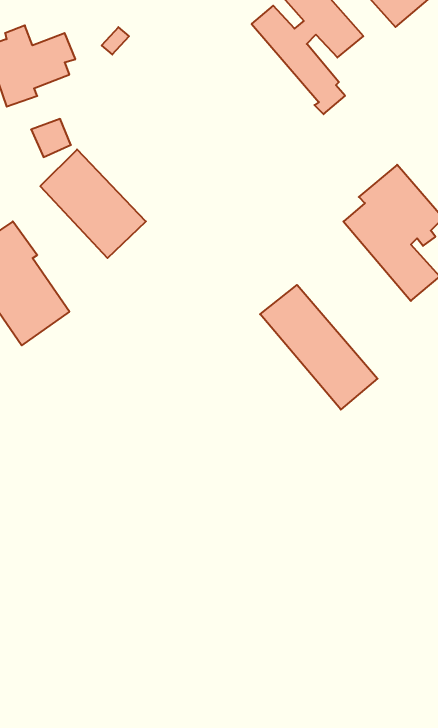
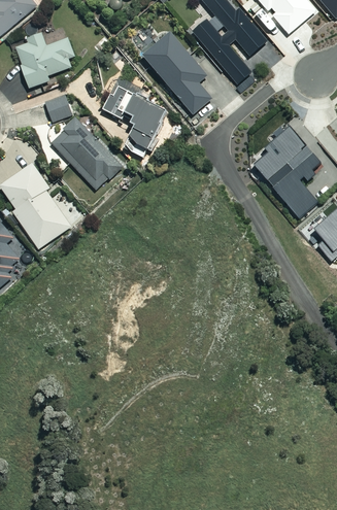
building: none -> [143,31,212,114]
building: none -> [102,86,166,147]
building: [260,285,378,410] -> none

